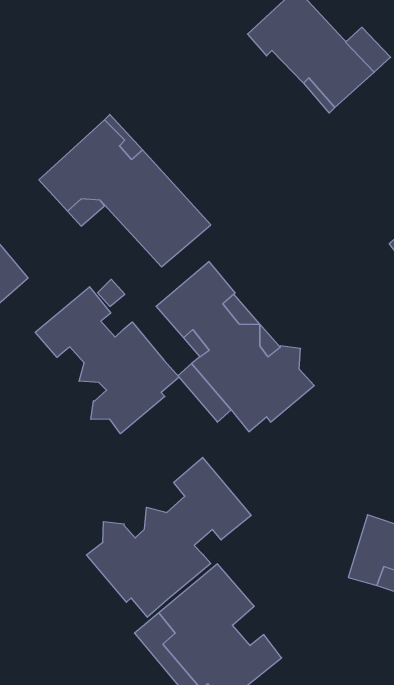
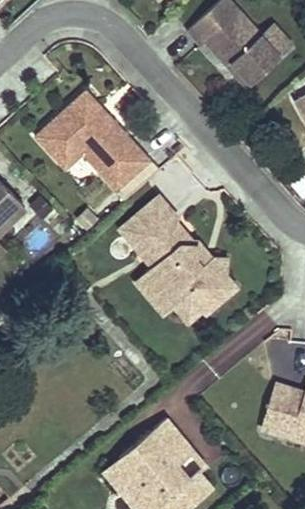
building: [35,287,179,434] -> none
building: [86,457,251,617] -> none

